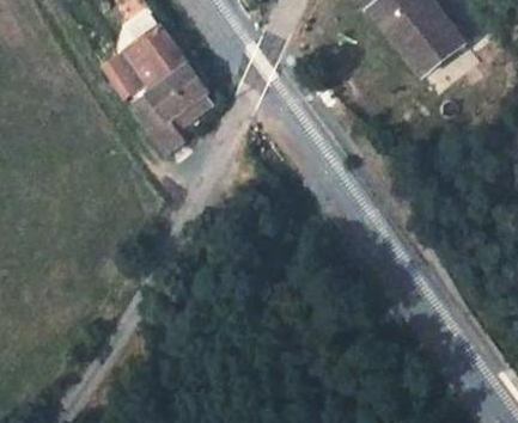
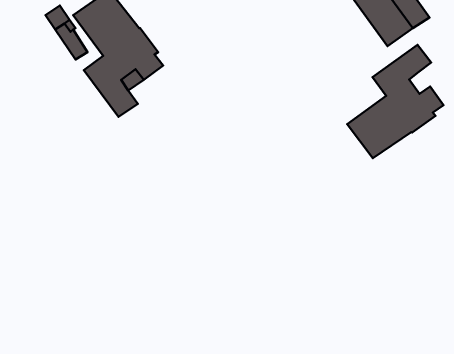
building: none -> [347,45,444,158]

